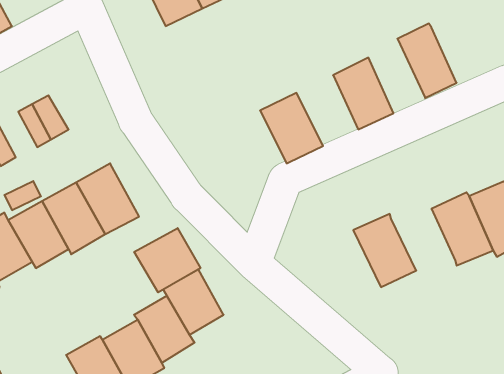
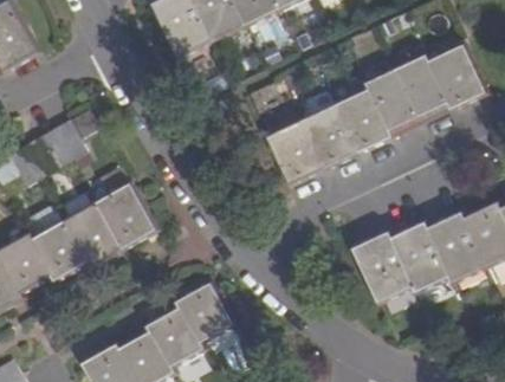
building: none -> [427,39,485,108]
building: none -> [365,66,421,136]
building: none -> [300,101,358,167]
building: none -> [389,220,449,290]
building: [134,228,200,292] -> none

